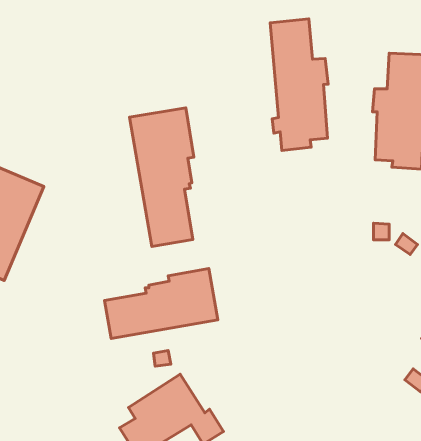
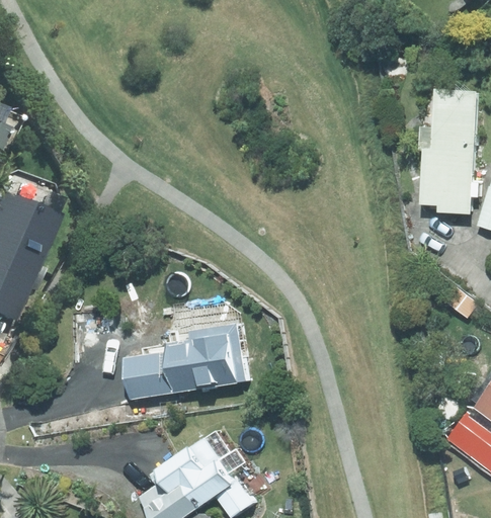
building: [270,19,328,151] -> none
building: [130,108,194,247] -> none

